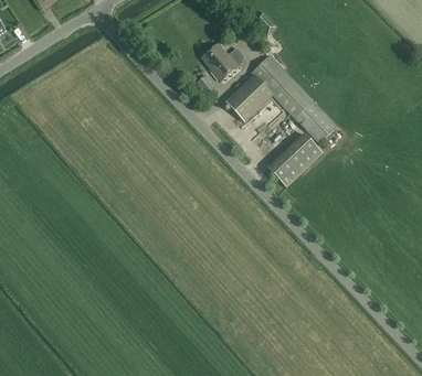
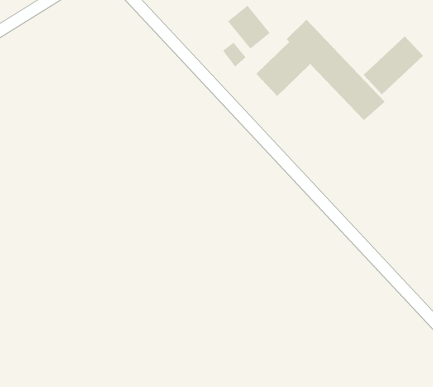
building: [268,135,321,186] -> [363,35,424,95]

